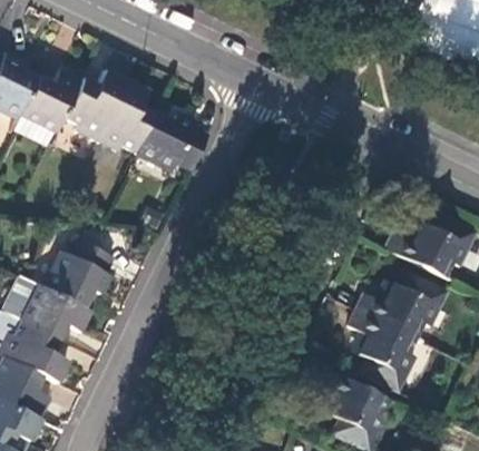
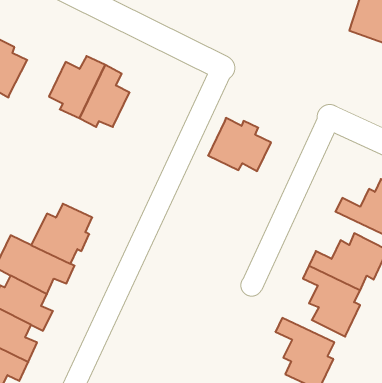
building: [19,69,82,134] -> none
building: [136,110,207,170] -> [208,118,271,171]

